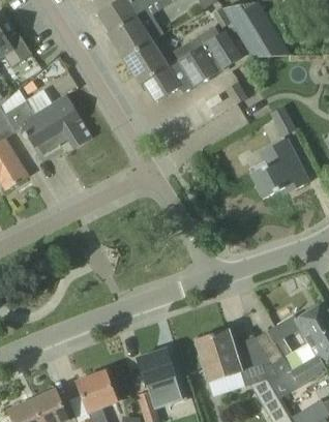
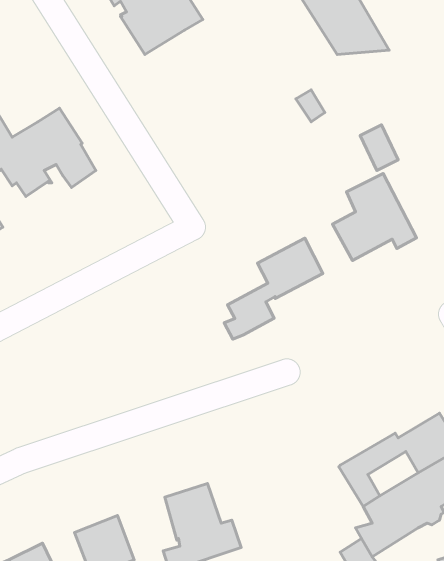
building: [124,26,239,101] -> none
building: none -> [224,238,323,339]
building: [196,329,278,386] -> none

